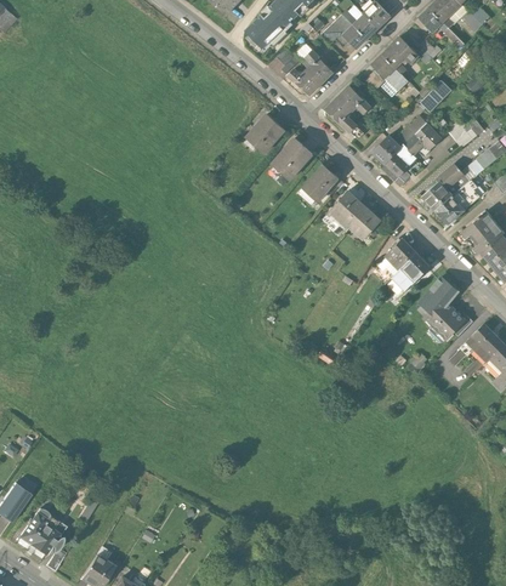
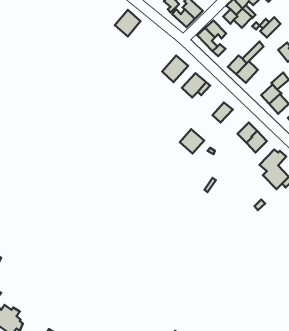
building: [245,112,284,152] -> [115,10,141,37]
building: [403,124,440,155] -> none
building: [329,190,365,227] -> [180,129,204,153]

